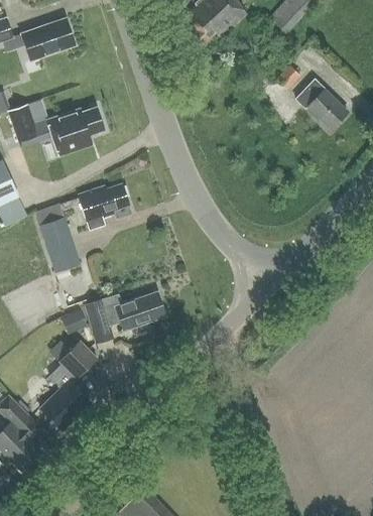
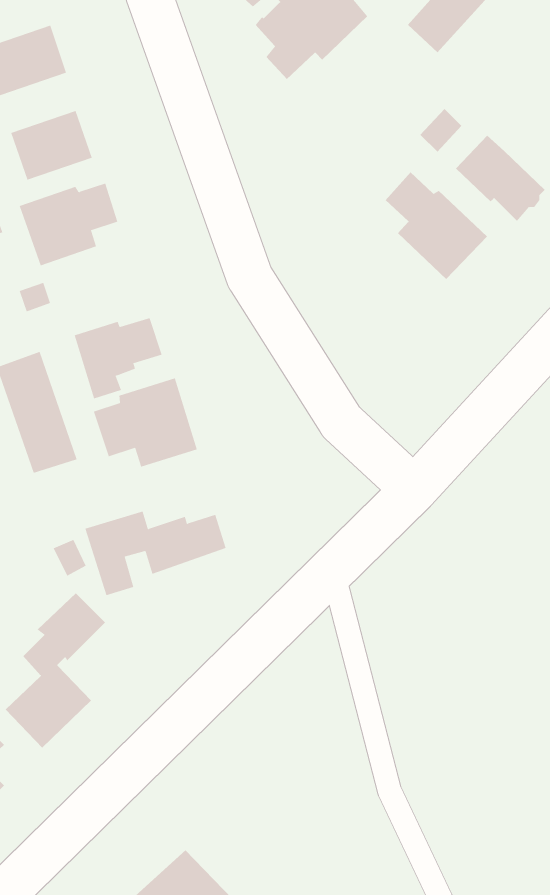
building: none -> [11,110,93,181]
building: none -> [385,171,488,280]
building: none -> [93,377,197,468]

